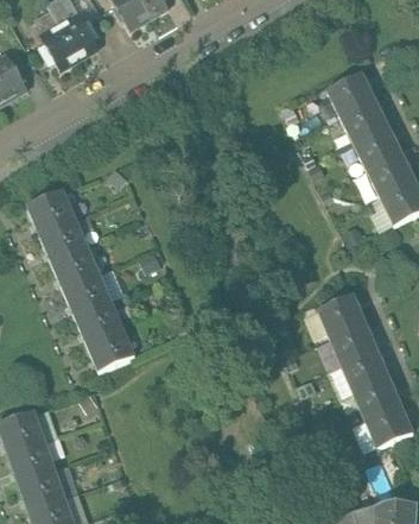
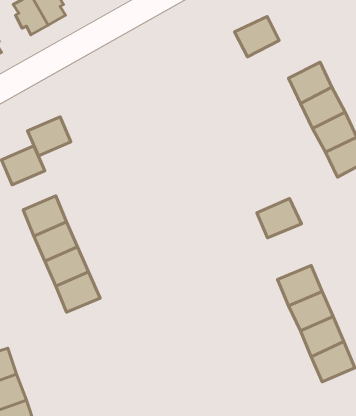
building: [326,72,375,116] -> [235,17,279,57]
building: [39,217,87,260] -> [27,117,71,156]
building: [317,293,366,336] -> [257,199,301,238]

